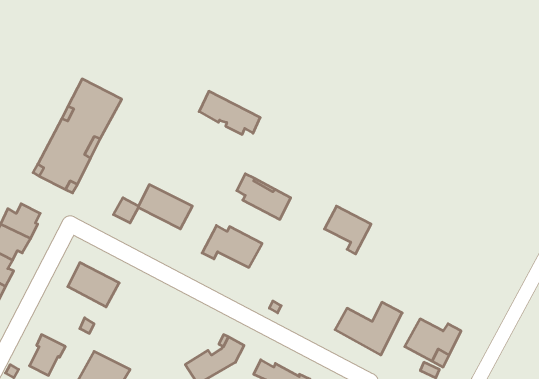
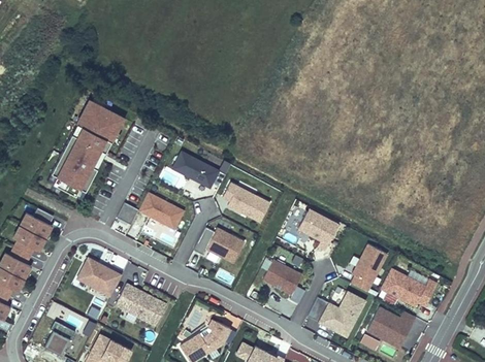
building: [199,91,260,134] -> [173,151,226,188]
building: none -> [352,244,387,292]
building: none -> [263,260,302,295]
building: none -> [381,268,438,307]
building: none -> [115,285,166,327]

